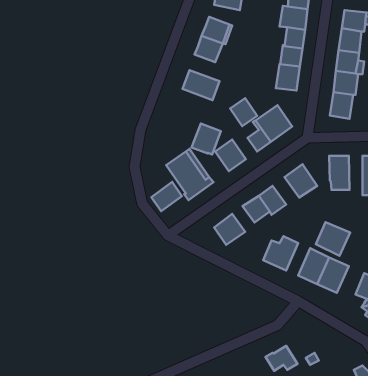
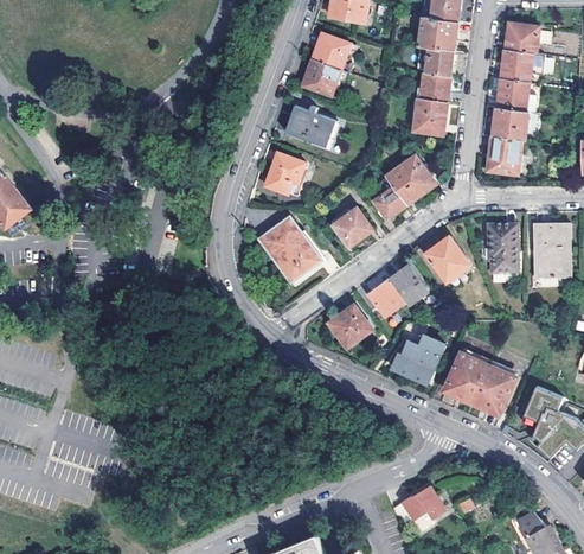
building: [230,98,257,126] -> none
building: [192,124,221,154] -> [264,152,304,195]
building: [151,182,182,211] -> none
building: [316,222,350,256] -> none

